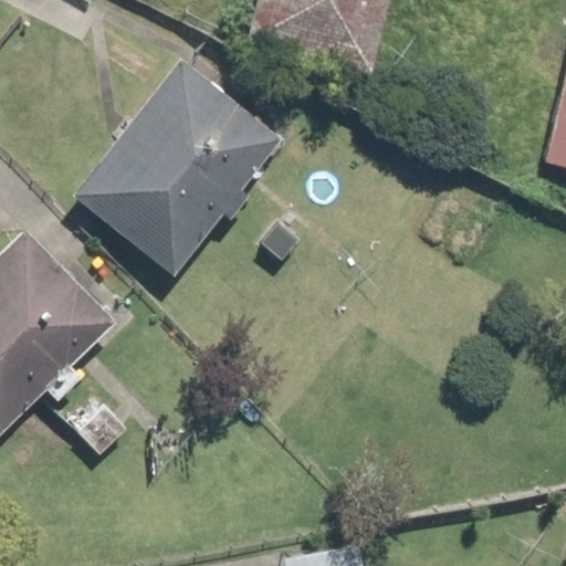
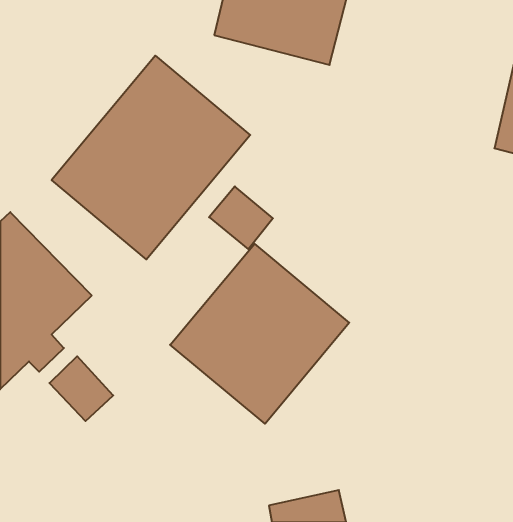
building: none -> [170,244,349,424]

